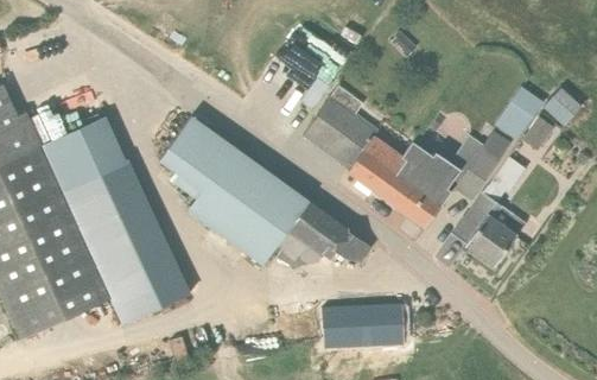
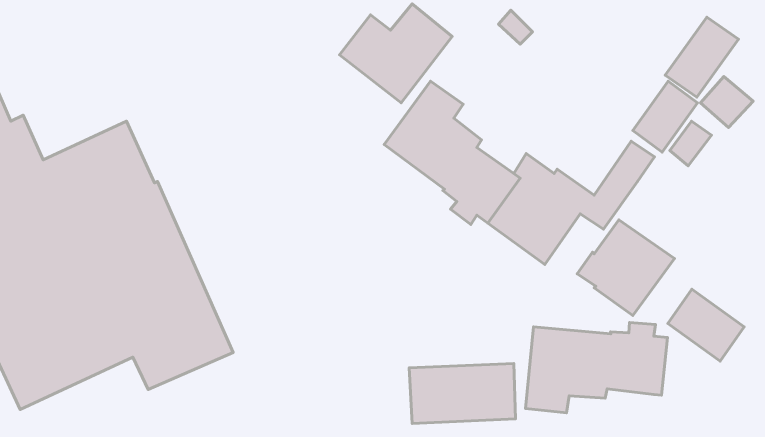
building: none -> [665,17,738,97]
building: [159,118,371,268] -> none
building: none -> [668,289,744,361]
building: none -> [526,323,667,413]

